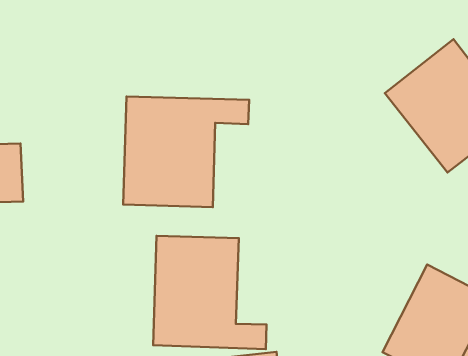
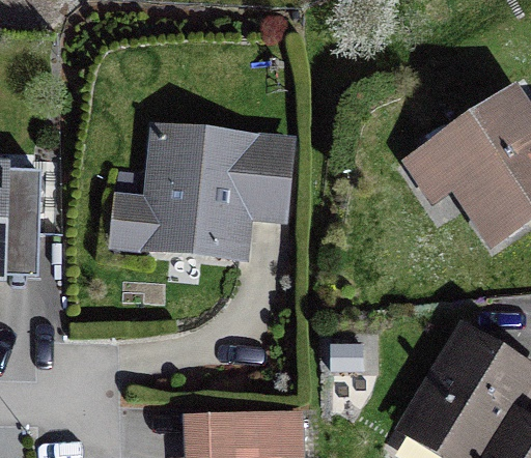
building: [153,236,266,349] -> none

